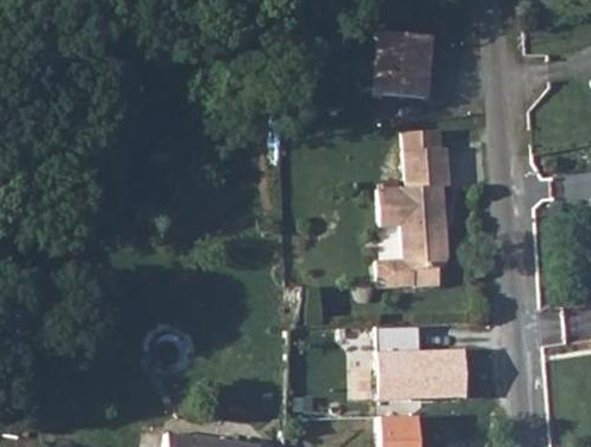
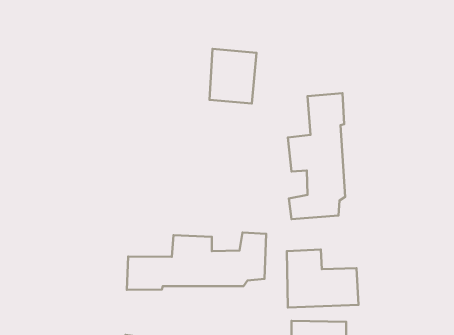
building: [375,29,435,98] -> [210,49,257,104]
building: none -> [127,233,266,290]

